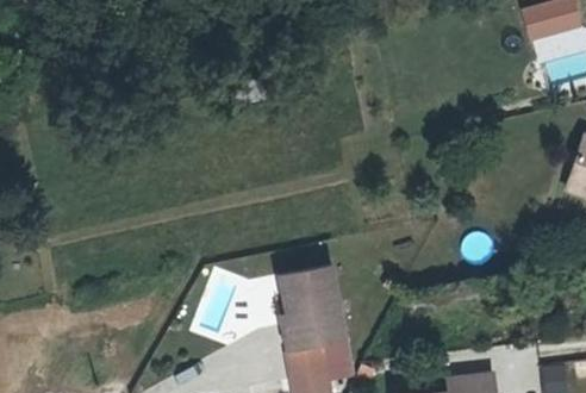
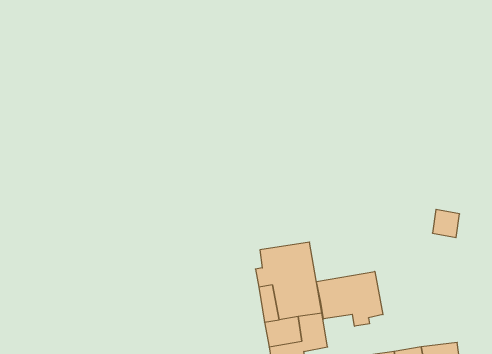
building: none -> [317,271,383,326]

